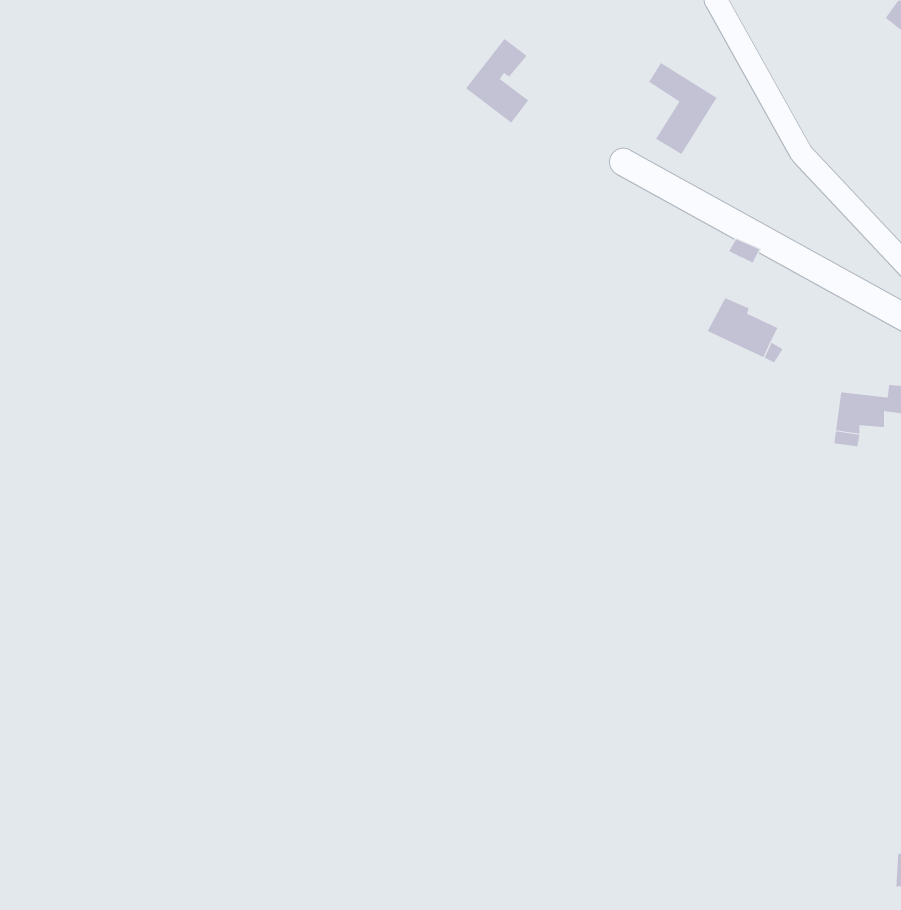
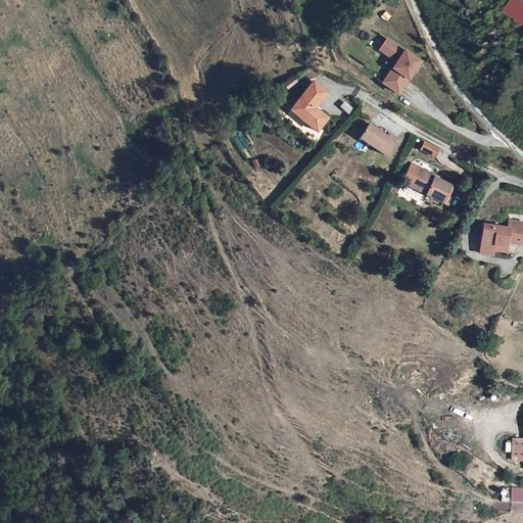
building: [465,38,529,124] -> [289,82,326,131]
building: none -> [362,122,401,153]

